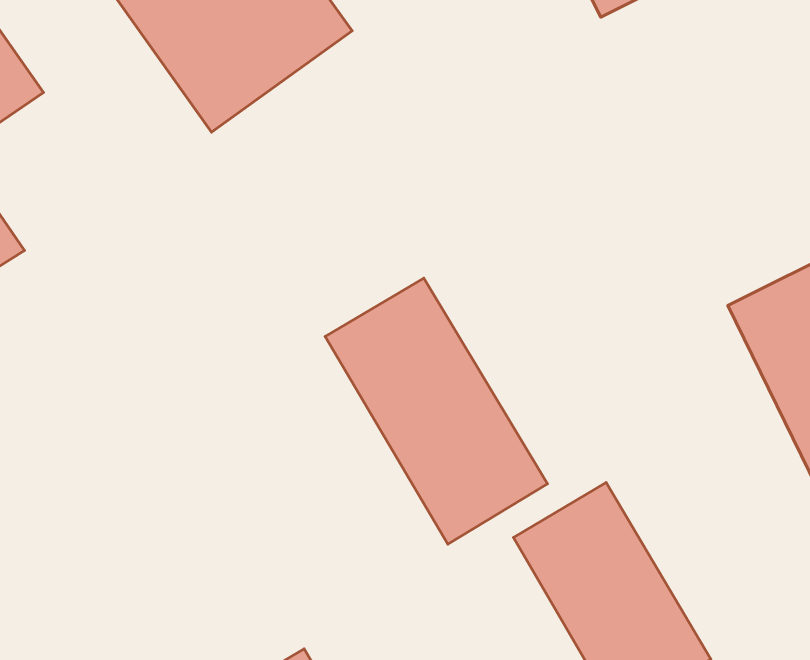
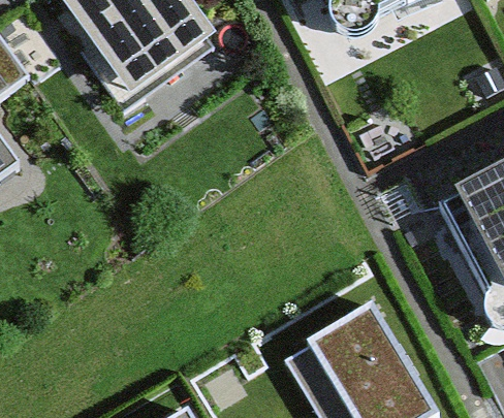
building: [325,278,547,544] -> none

